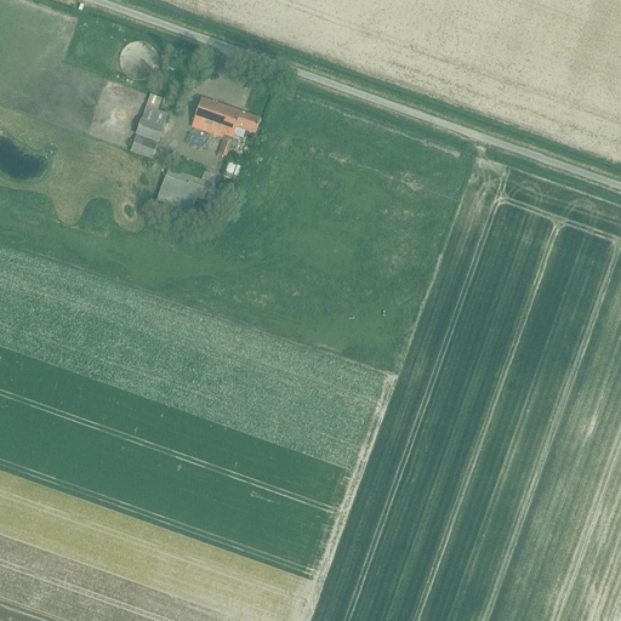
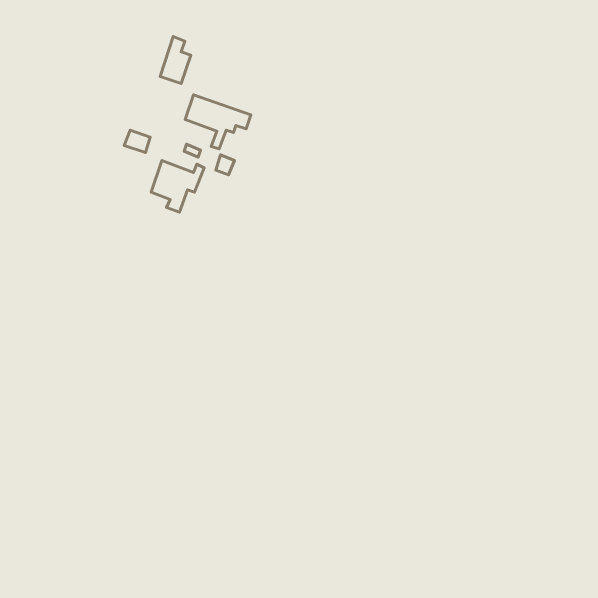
building: [136,92,167,141] -> [160,37,191,83]

